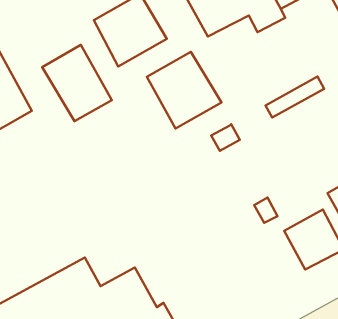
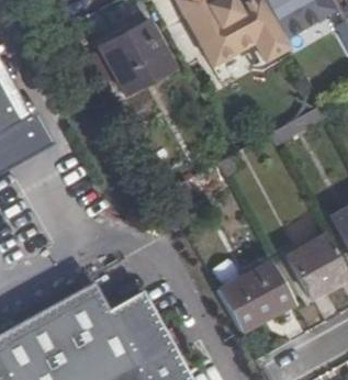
building: [42,45,112,121] -> none
building: [147,52,222,129] -> none
building: none -> [217,261,293,334]

